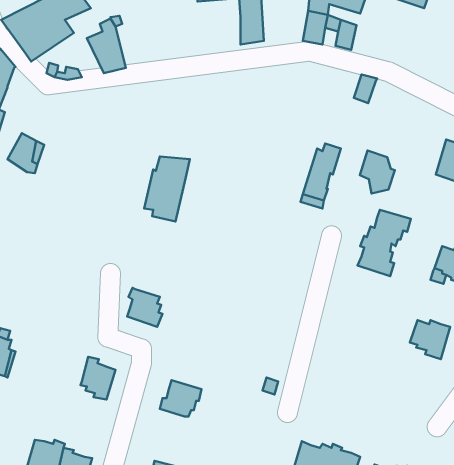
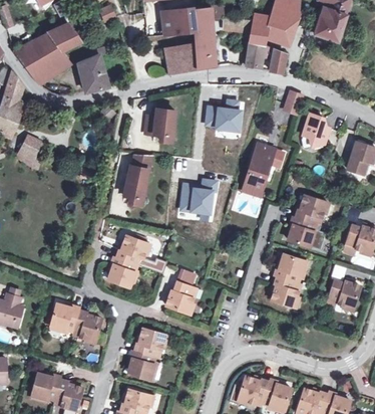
building: none -> [165,48,197,75]
building: none -> [204,99,245,135]
building: none -> [144,110,175,138]
building: [360,151,395,193] -> [304,115,331,148]
building: none -> [179,179,215,216]
building: none -> [115,236,149,265]
building: none -> [271,254,307,307]
building: none -> [166,270,196,314]
building: none -> [49,305,80,333]
building: none -> [128,350,156,380]

